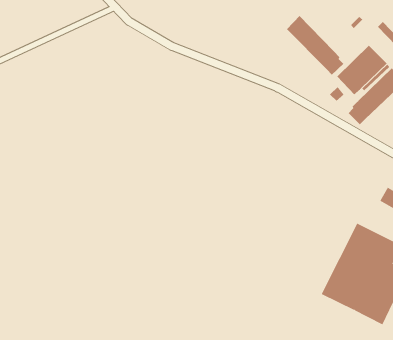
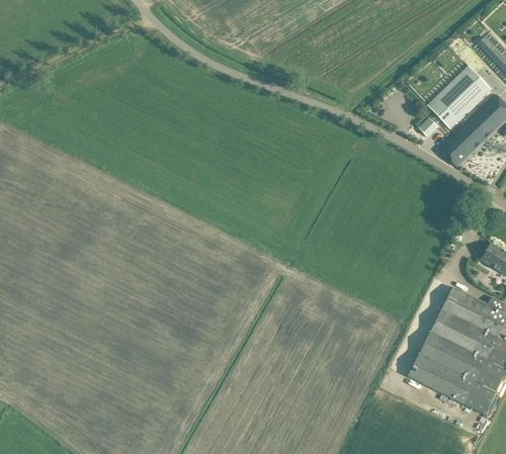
building: [286,15,344,76] -> none

